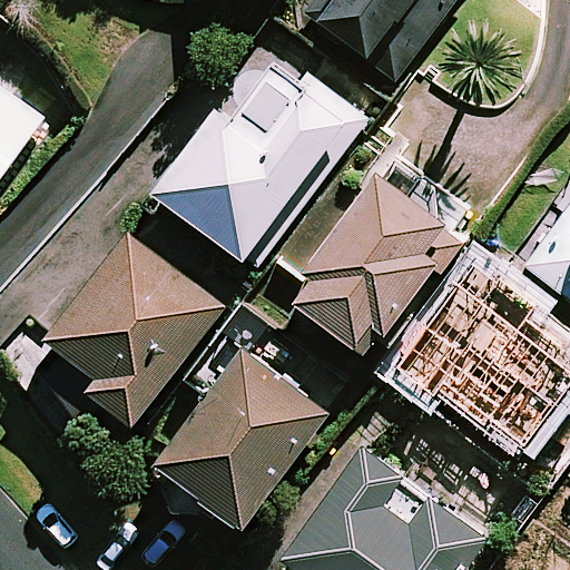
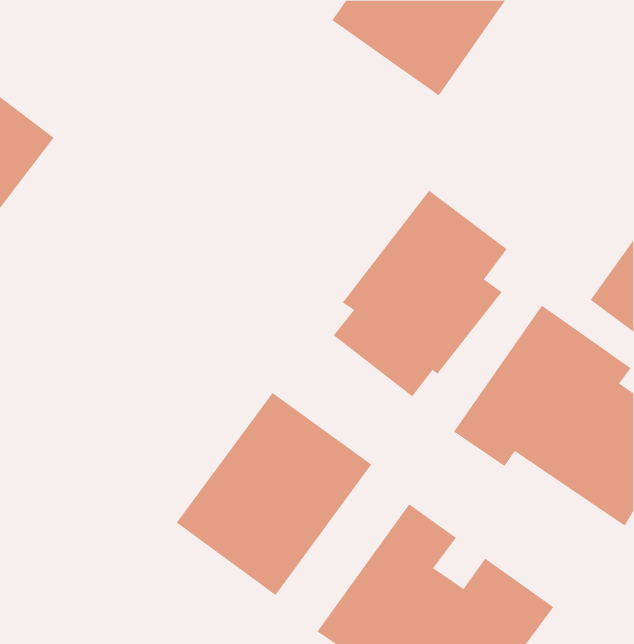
building: [155,75,362,265] -> none
building: [45,232,224,428] -> none

